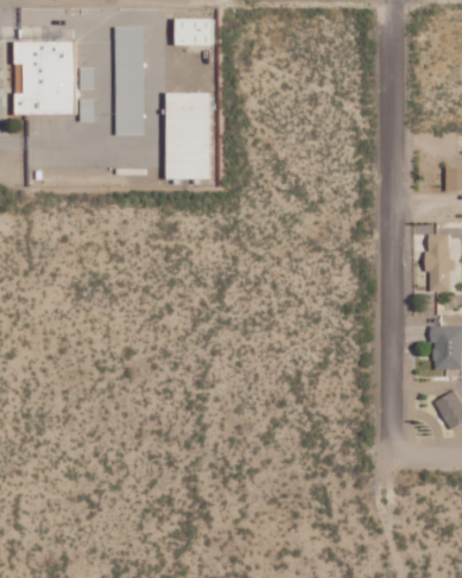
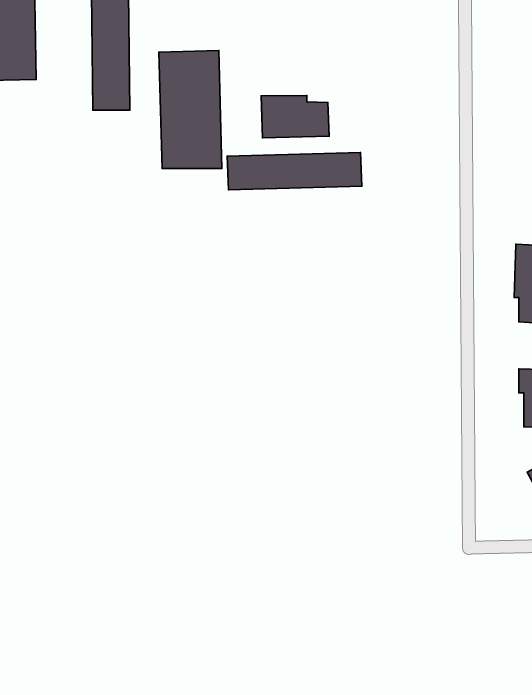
building: none -> [261,95,329,138]
building: none -> [227,152,362,190]

